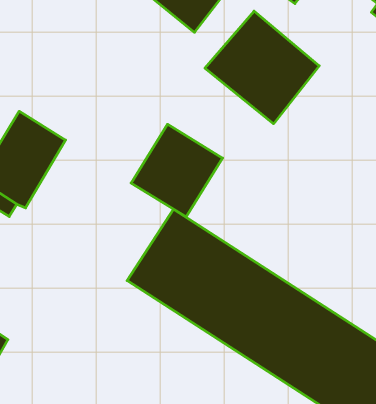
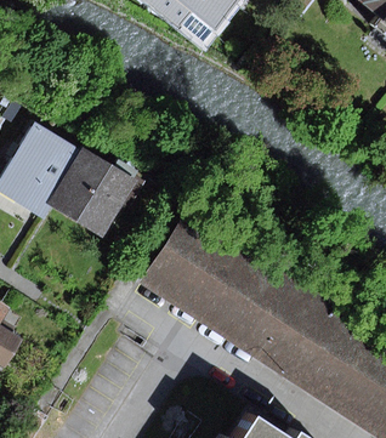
building: [205,11,319,124] -> none
building: [131,124,223,217] -> [50,147,138,237]

